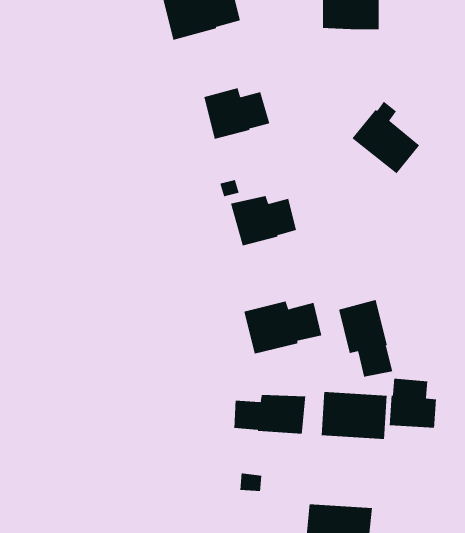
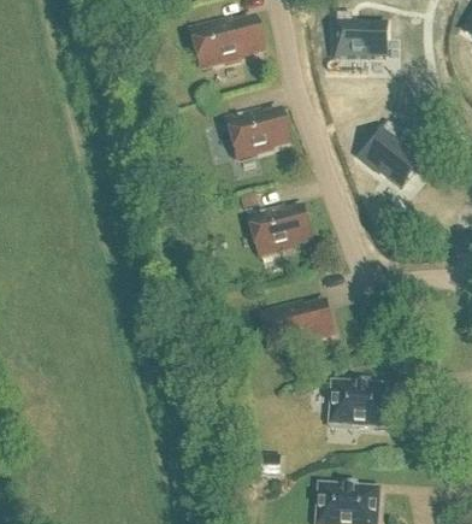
building: [339,299,393,378] -> none
building: [389,378,437,428] -> none
building: [234,394,306,434] -> none

